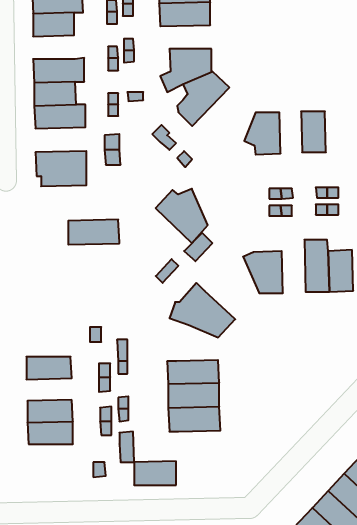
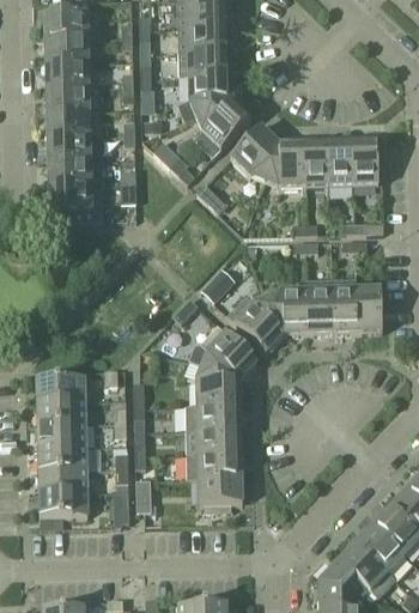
building: none -> [178,49,232,74]
building: none -> [44,60,89,85]
building: none -> [230,125,279,174]
building: none -> [352,139,378,183]
building: none -> [304,140,328,184]
building: [156,189,208,243] -> [227,293,283,351]
building: [68,220,119,245] -> [47,157,101,183]
building: none -> [306,275,332,332]
building: none -> [195,365,239,403]
building: none -> [37,375,84,399]
building: none -> [37,421,85,445]
building: none -> [40,491,87,516]
building: [134,461,176,485] -> [198,477,242,502]

